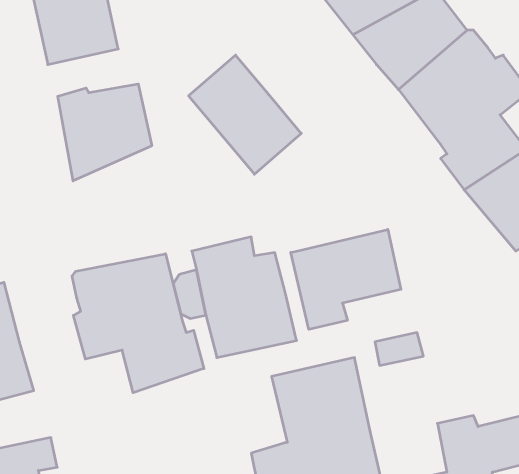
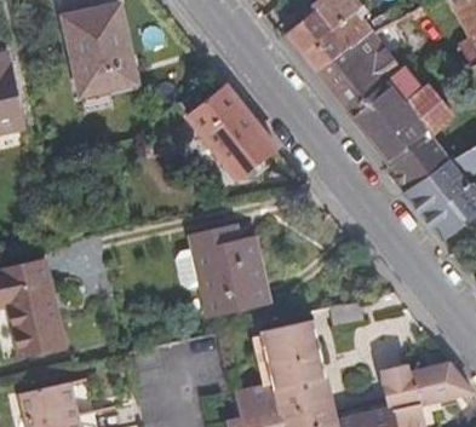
building: [58,84,152,181] -> none
building: [291,229,401,329] -> none
building: [72,254,204,393] -> none

